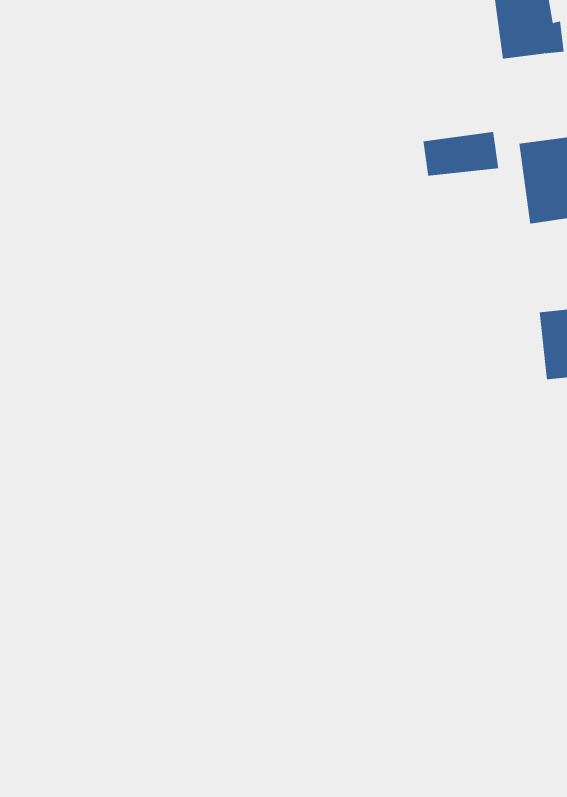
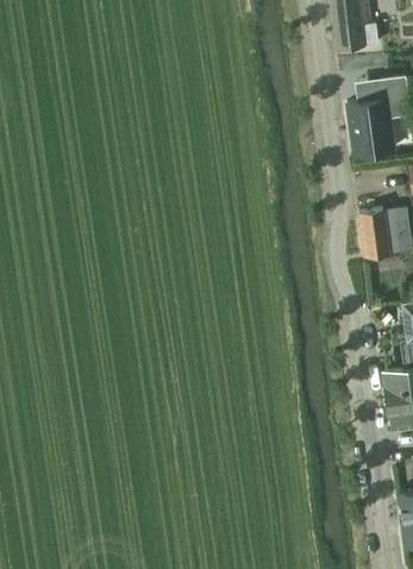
building: [423,131,499,177] -> none

